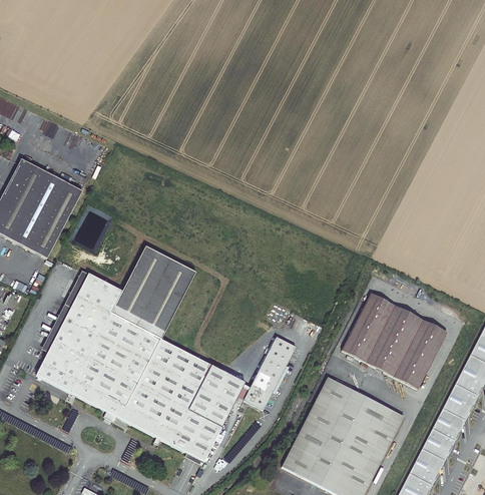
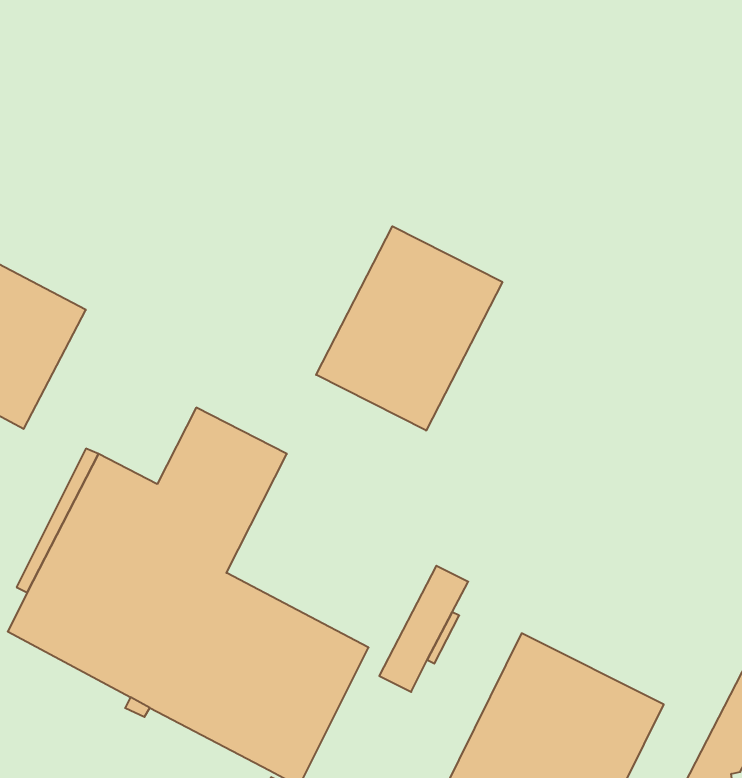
building: none -> [316,226,502,431]
building: [336,291,446,388] -> none

